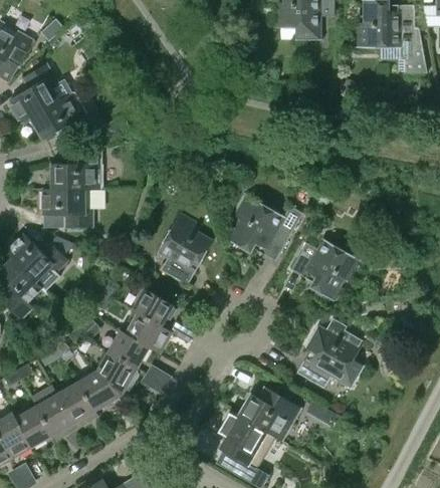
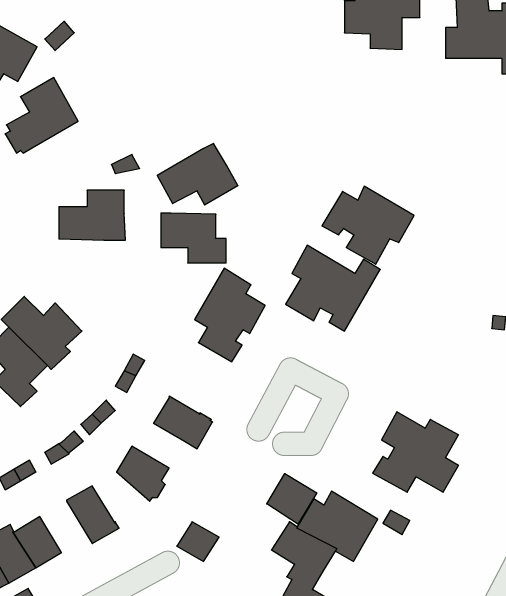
building: [30,92,93,141] -> [157,143,238,205]
building: [43,189,94,228] -> [161,213,226,263]
building: [290,239,363,300] -> [322,186,414,264]
building: [133,288,177,326] -> none
building: [108,330,150,369] -> none
building: [141,362,174,394] -> [177,522,219,561]
building: [77,372,123,412] -> none
building: none -> [267,474,317,524]
building: [31,386,77,440] -> none

